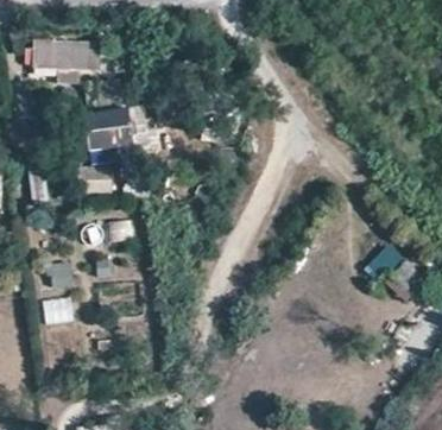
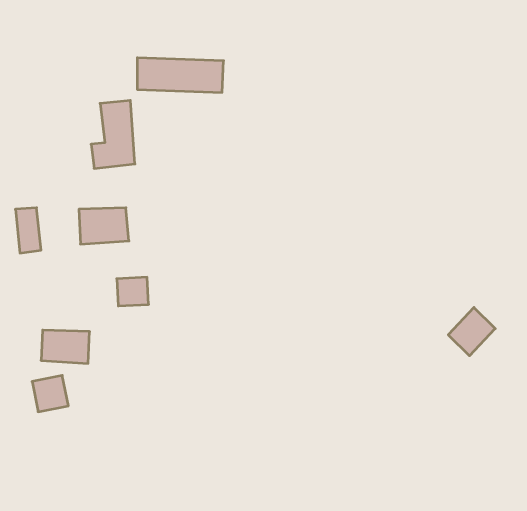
building: [27,39,95,67] -> [137,58,224,92]

